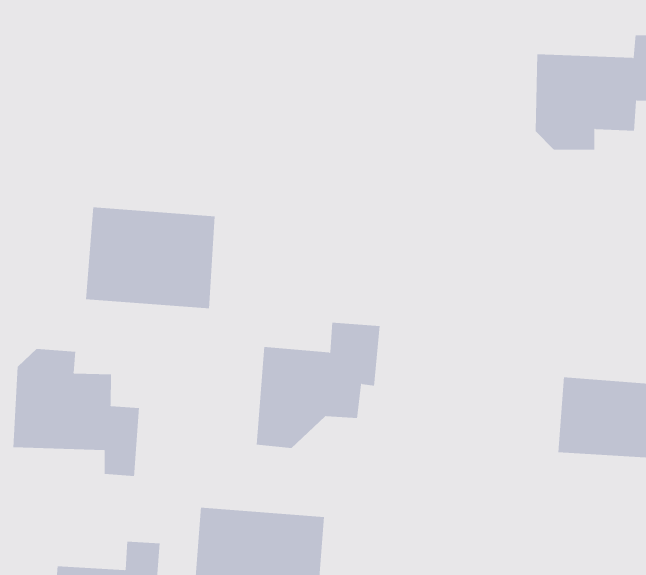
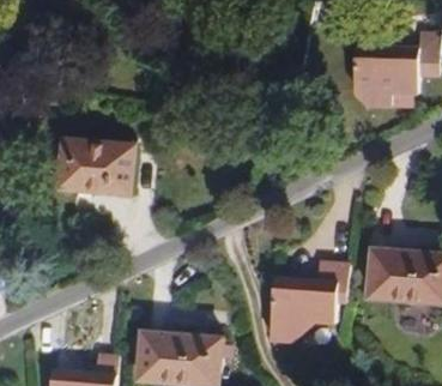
building: [256,322,381,449] -> [270,261,349,342]
building: [13,348,140,477] -> none

